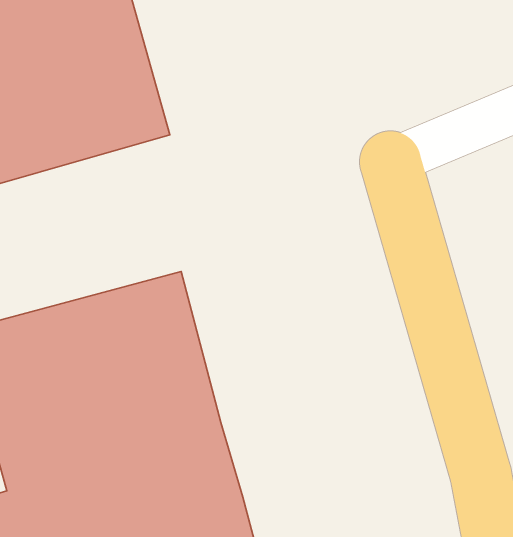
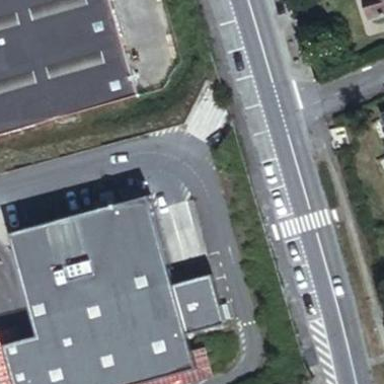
building: none -> [171,271,223,328]

